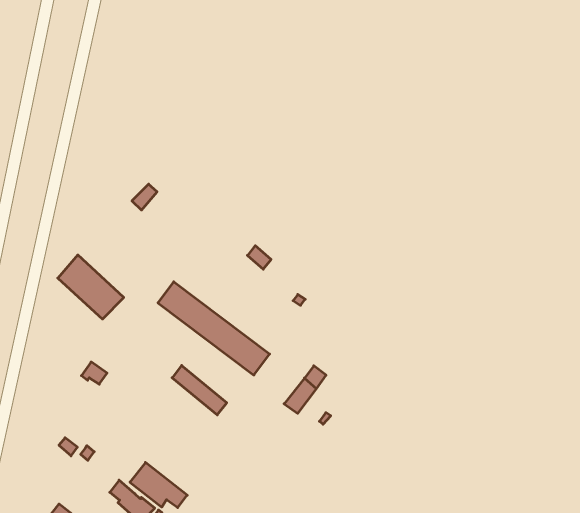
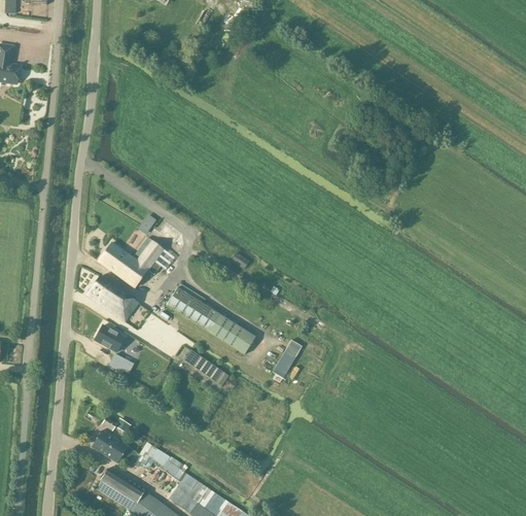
building: none -> [98,238,163,288]
building: none -> [95,325,124,351]
building: [130,462,187,508] -> [91,431,136,463]

